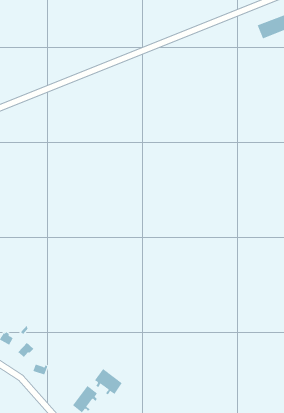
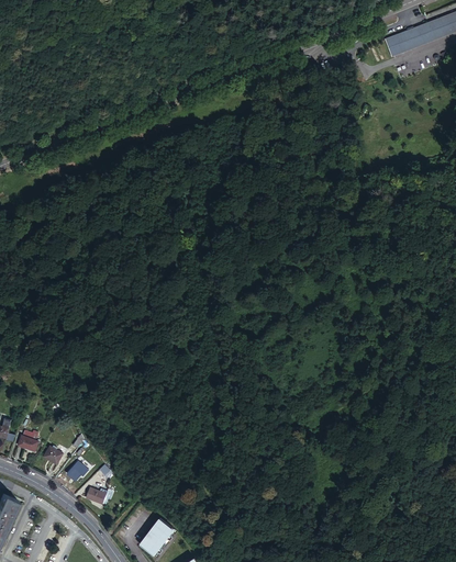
building: [94,368,123,395] -> none

